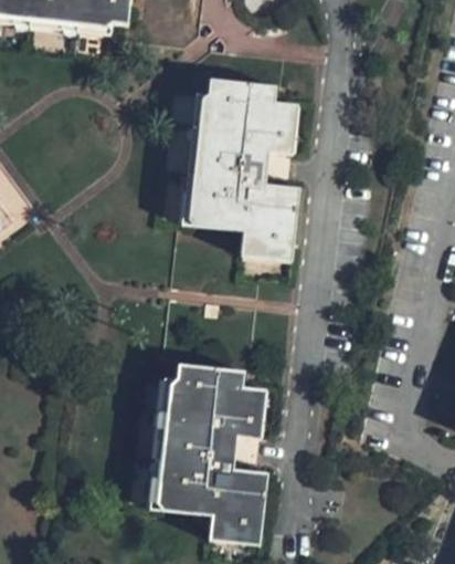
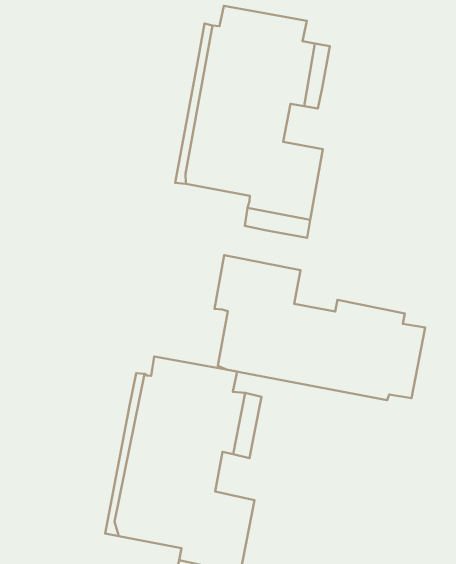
building: none -> [215,255,425,400]

